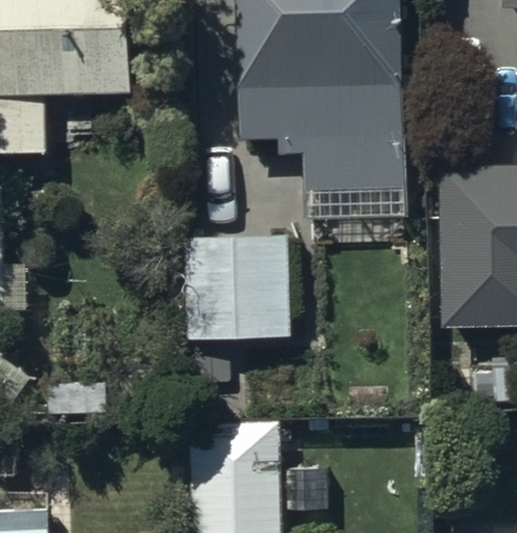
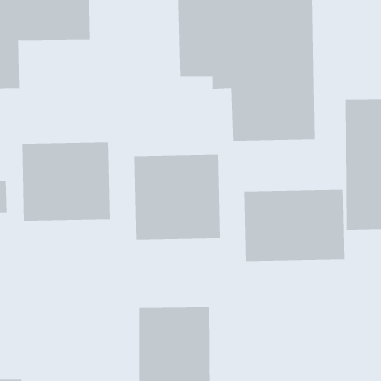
building: none -> [22,141,110,222]
building: none -> [244,189,345,262]

